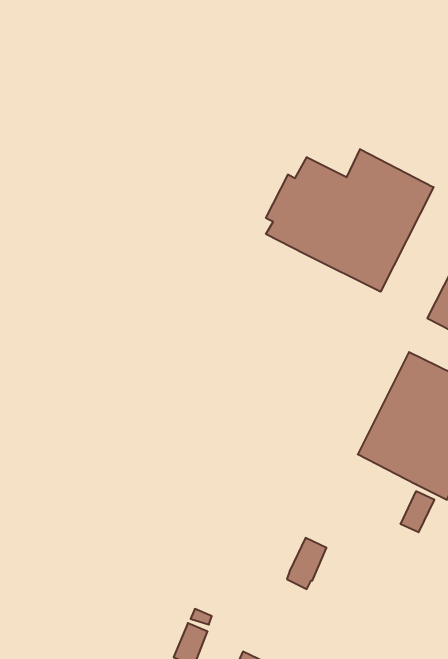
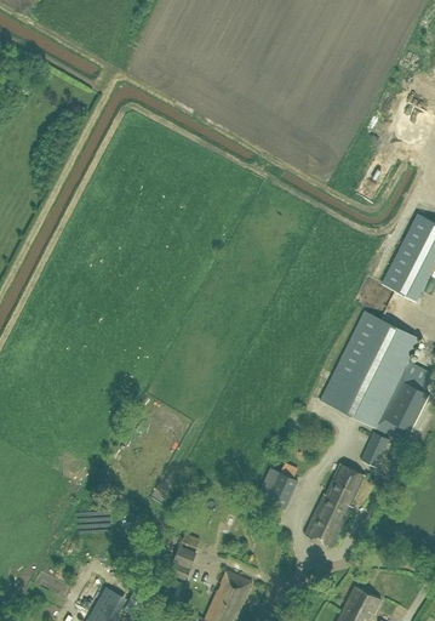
building: [266,149,434,292] -> none
building: none -> [303,462,364,547]

